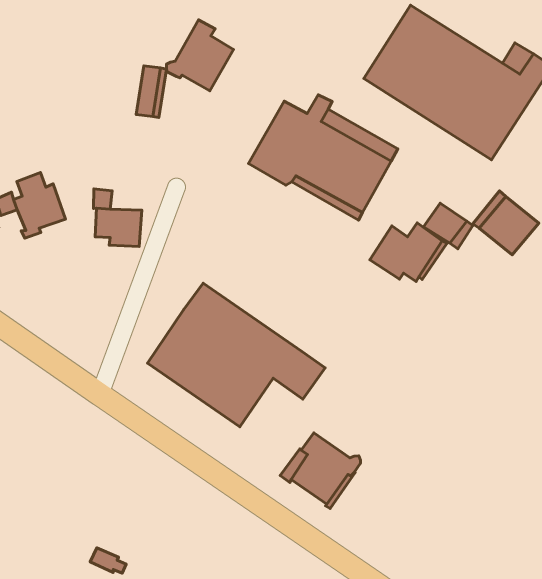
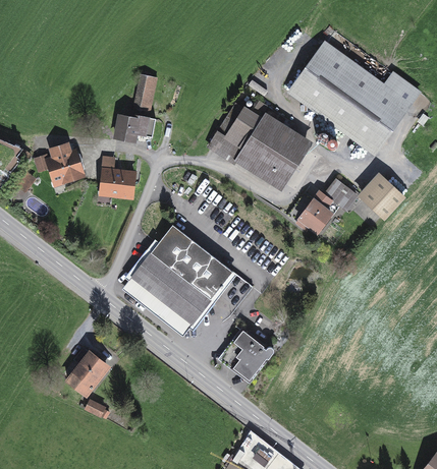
building: [167,20,233,91] -> none
building: none -> [116,115,156,140]
building: none -> [123,239,193,336]
building: none -> [68,348,109,395]

